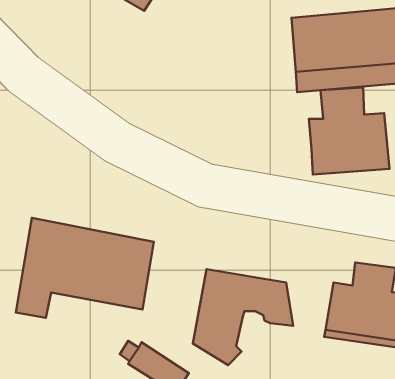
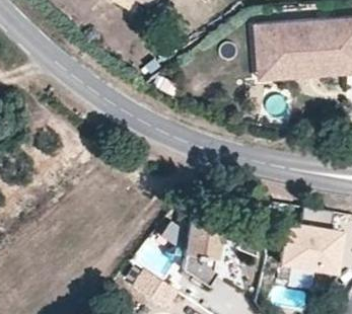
building: [309,88,389,174] -> none
building: [16,218,154,318] -> none

